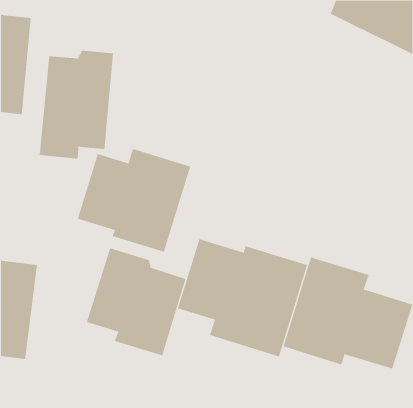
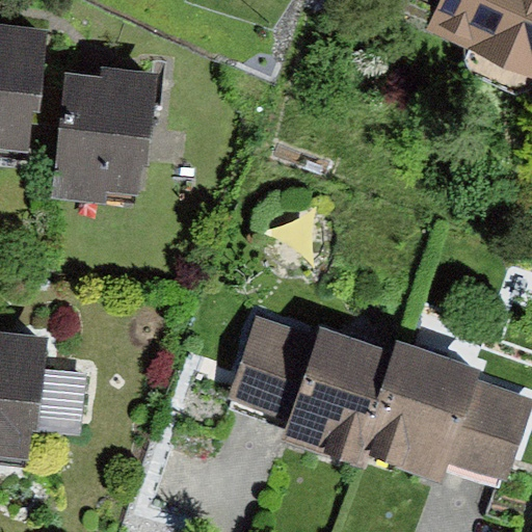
building: [77,148,191,253] -> none
building: [86,248,186,356] -> none

